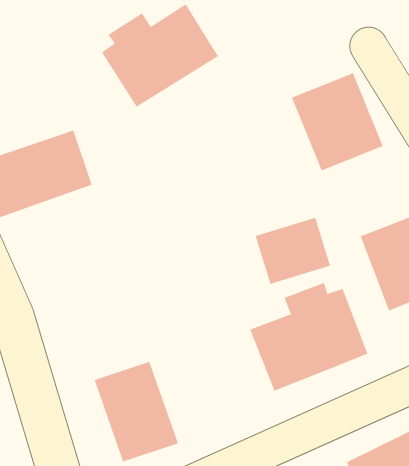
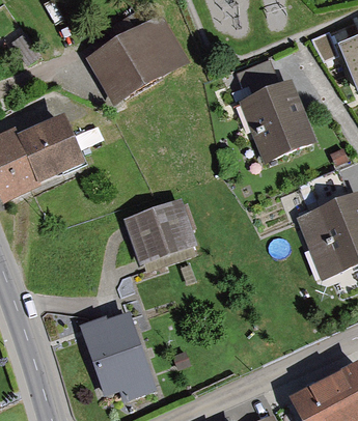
building: [255,217,331,285] -> [128,197,191,253]
building: [250,282,368,392] -> none

